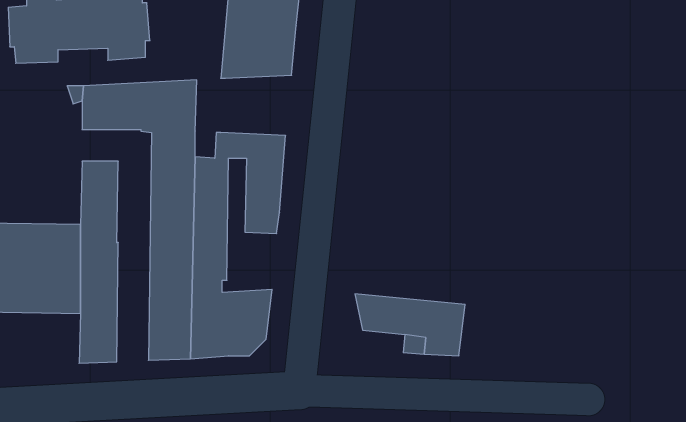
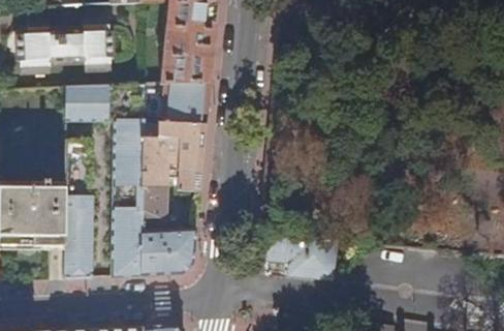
building: none -> [161,82,210,123]

